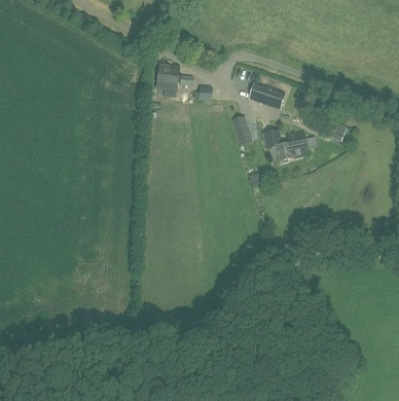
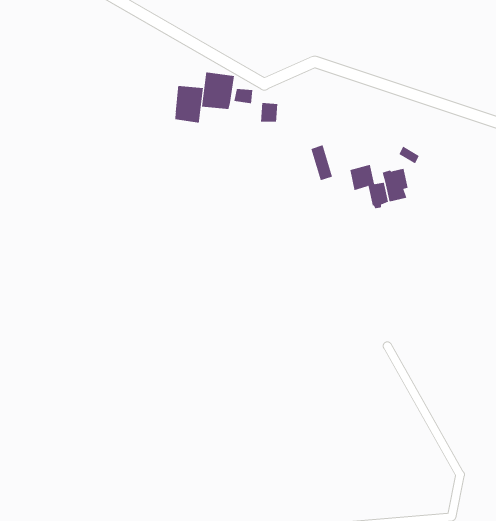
building: none -> [175,85,204,123]
building: [249,82,286,109] -> none

